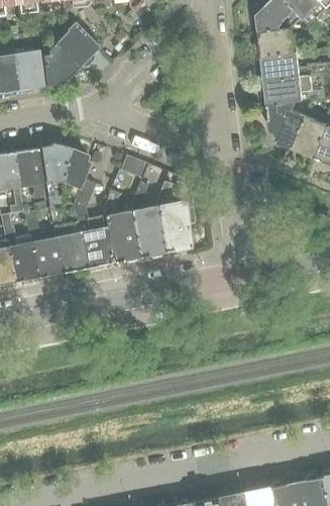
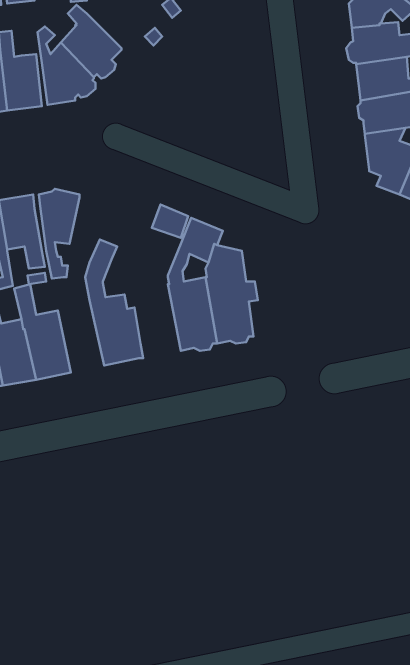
building: [62,148,90,195] -> none
building: [103,190,139,262] -> none
building: [49,205,86,272] -> none

